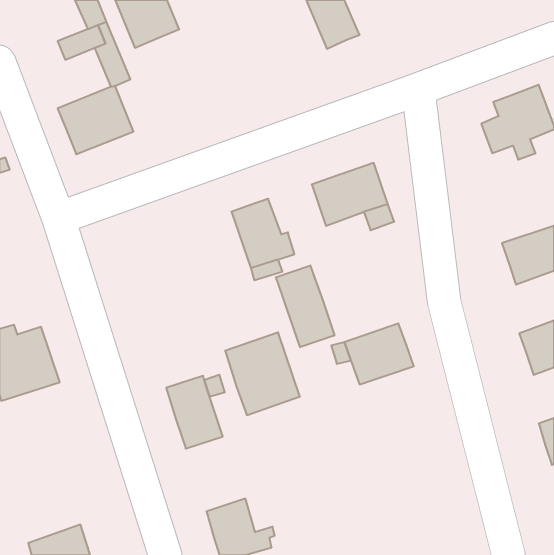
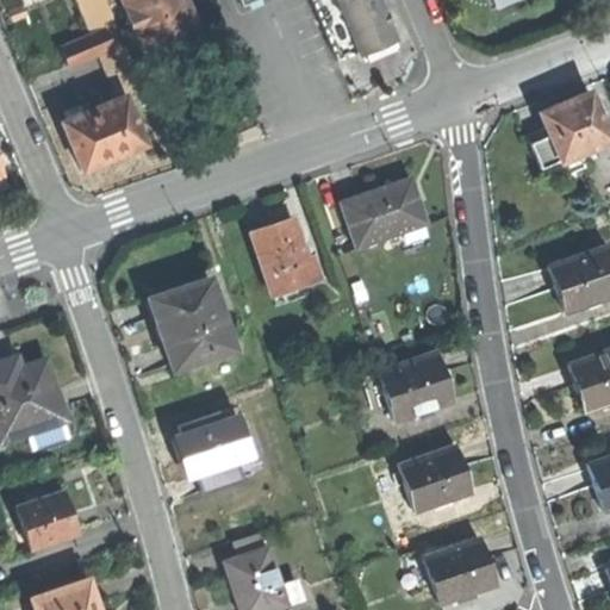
building: [276,265,334,347] -> none
building: [225,332,300,415] -> [151,278,234,368]
building: none -> [399,448,471,510]
building: none -> [15,490,77,549]
building: none -> [423,540,494,604]

